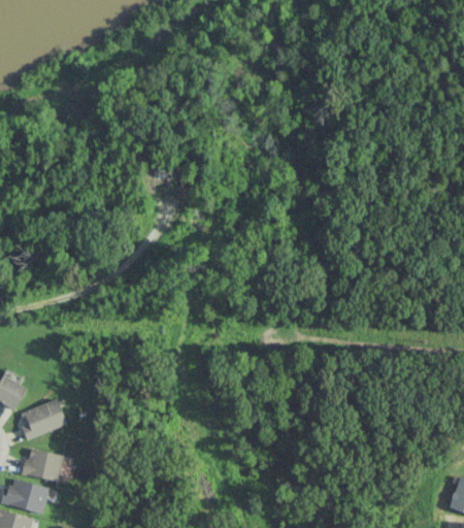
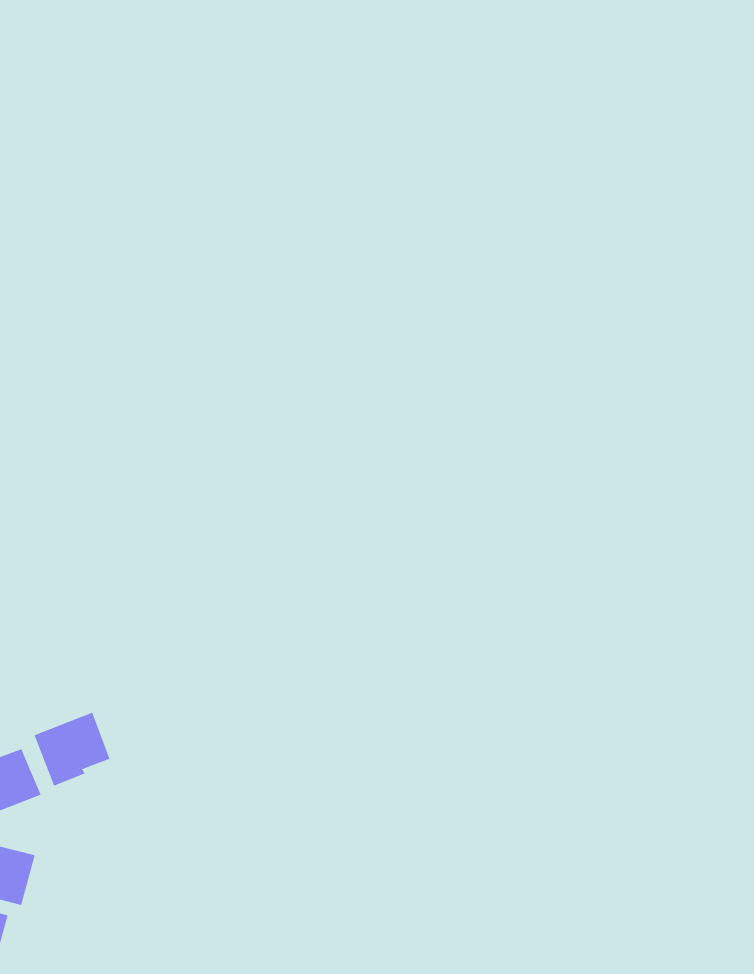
building: none -> [34,712,110,787]

